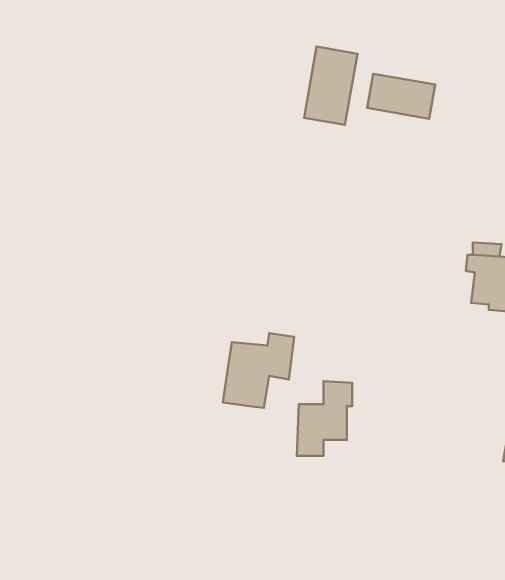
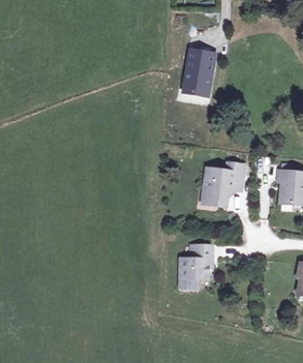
building: [367,74,435,119] -> none
building: [223,333,294,408] -> [202,162,243,206]

